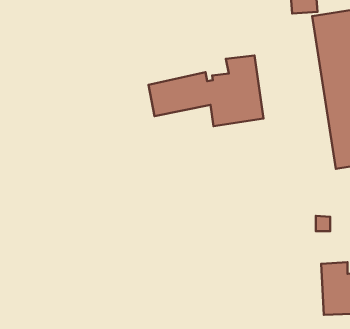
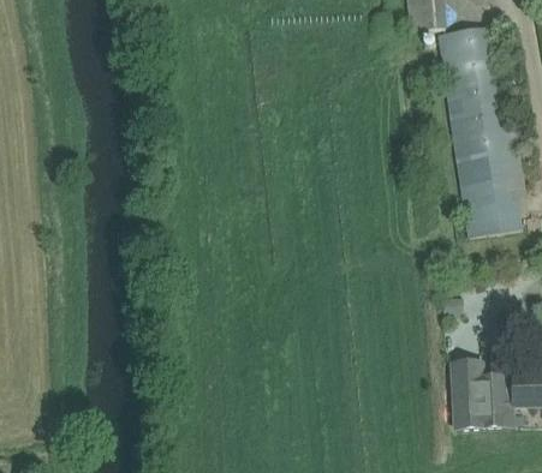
building: [148,55,263,126] -> none

